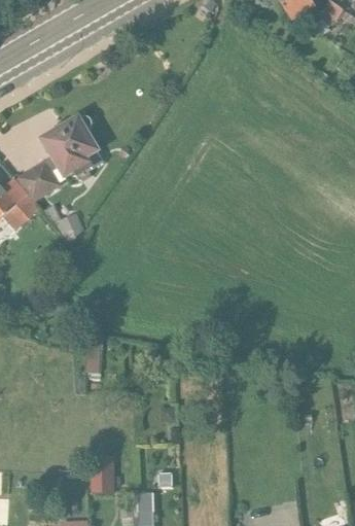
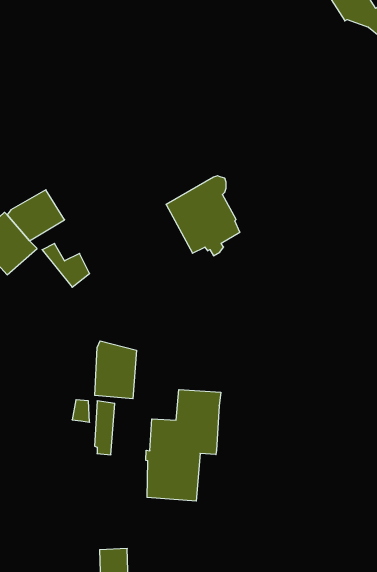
building: [43,114,104,180] -> [166,176,240,256]
building: none -> [95,341,136,399]
building: none -> [146,390,221,501]

